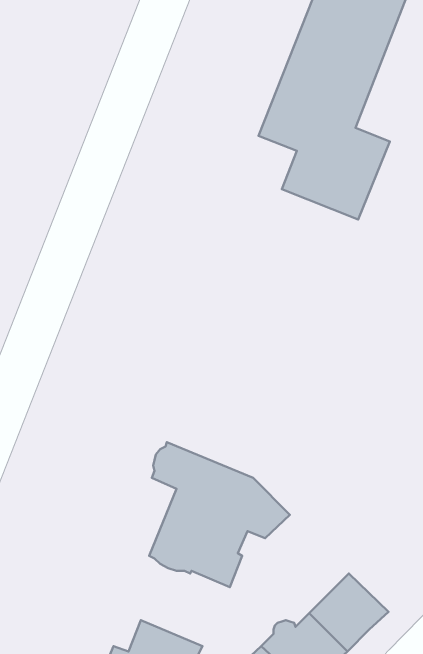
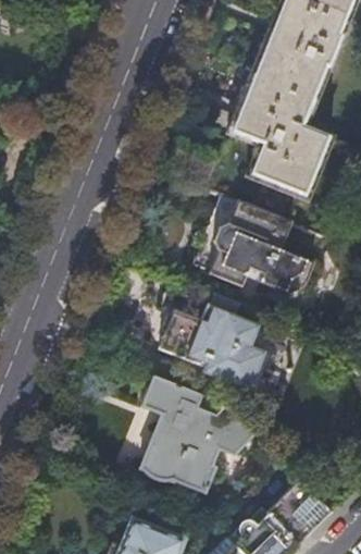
building: none -> [210,201,314,293]
building: none -> [158,294,265,392]

